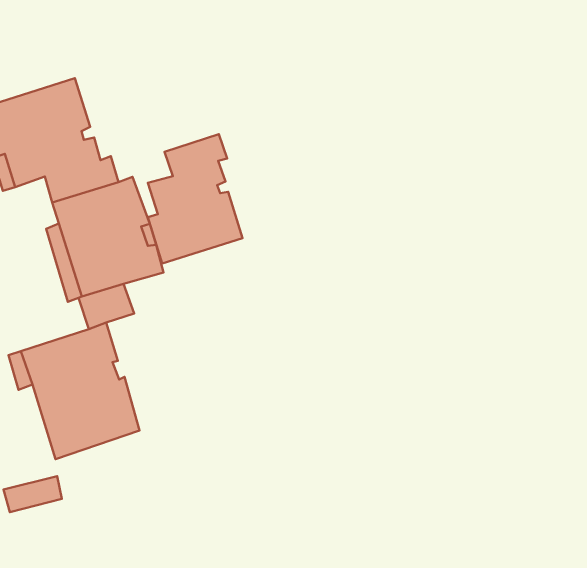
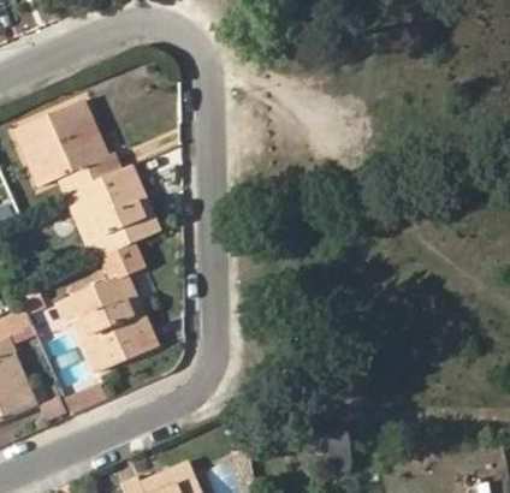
building: [148,134,243,263] -> none

